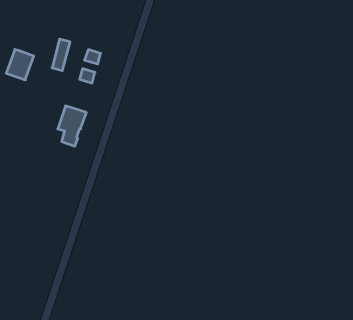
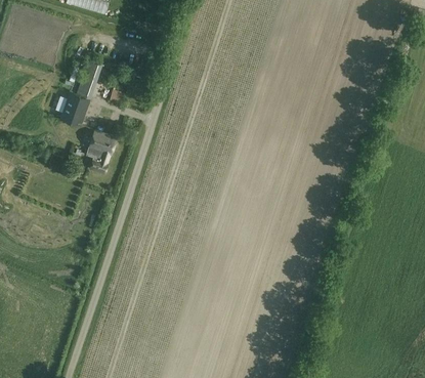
building: [6,49,34,80] -> [59,92,89,125]

